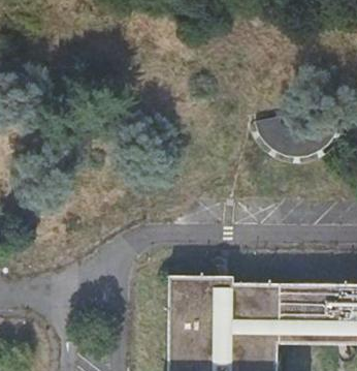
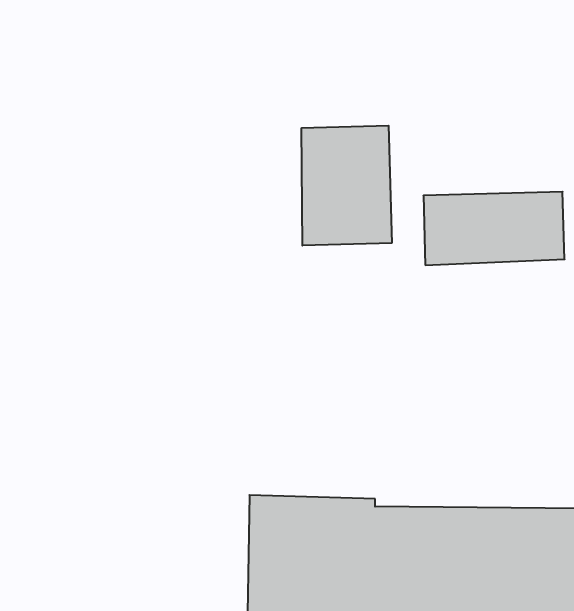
building: none -> [302,126,392,246]

